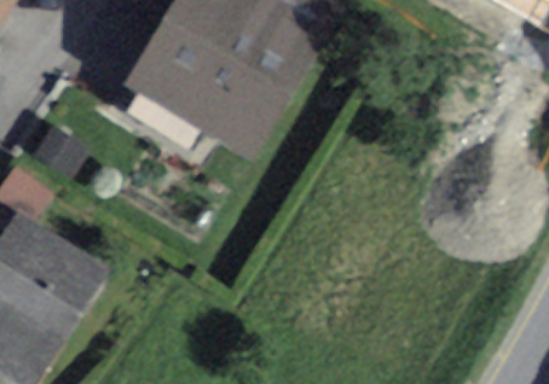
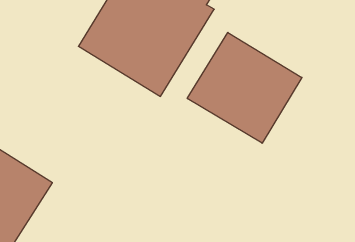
building: none -> [187,32,302,143]

